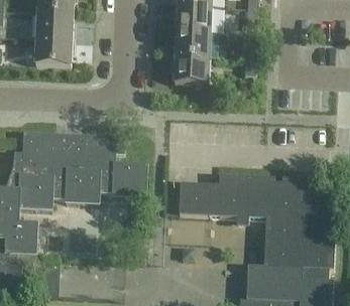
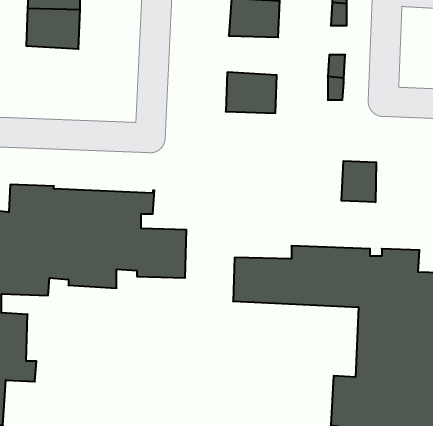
building: [174,29,210,56] -> none
building: [34,36,72,64] -> none
building: none -> [341,161,376,202]

